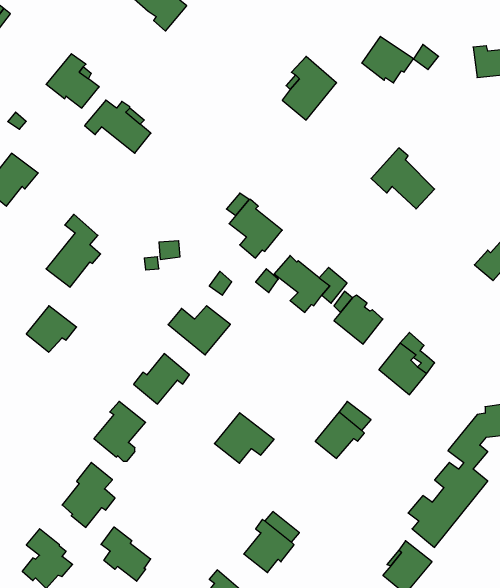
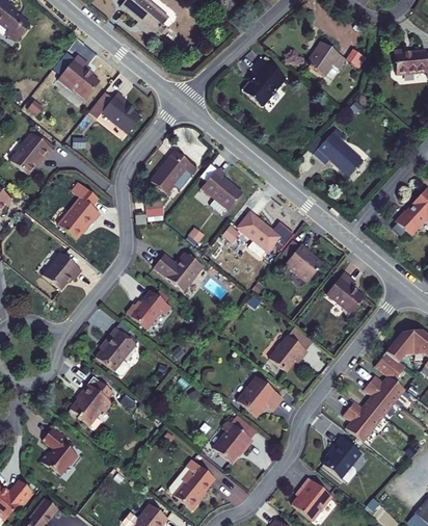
building: none -> [151,150,197,193]
building: [214,413,274,463] -> [236,376,283,416]
building: [101,527,151,581] -> none

